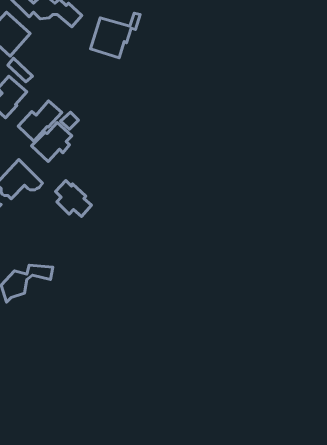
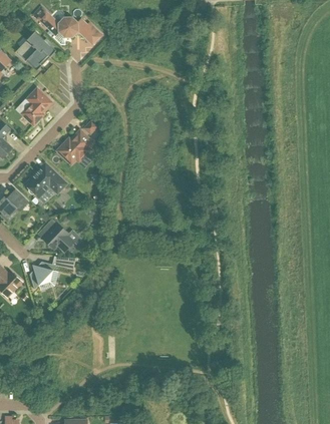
building: [91,13,140,58] -> none
building: [18,101,62,141] -> none
building: [56,180,92,216] -> [41,219,73,251]

